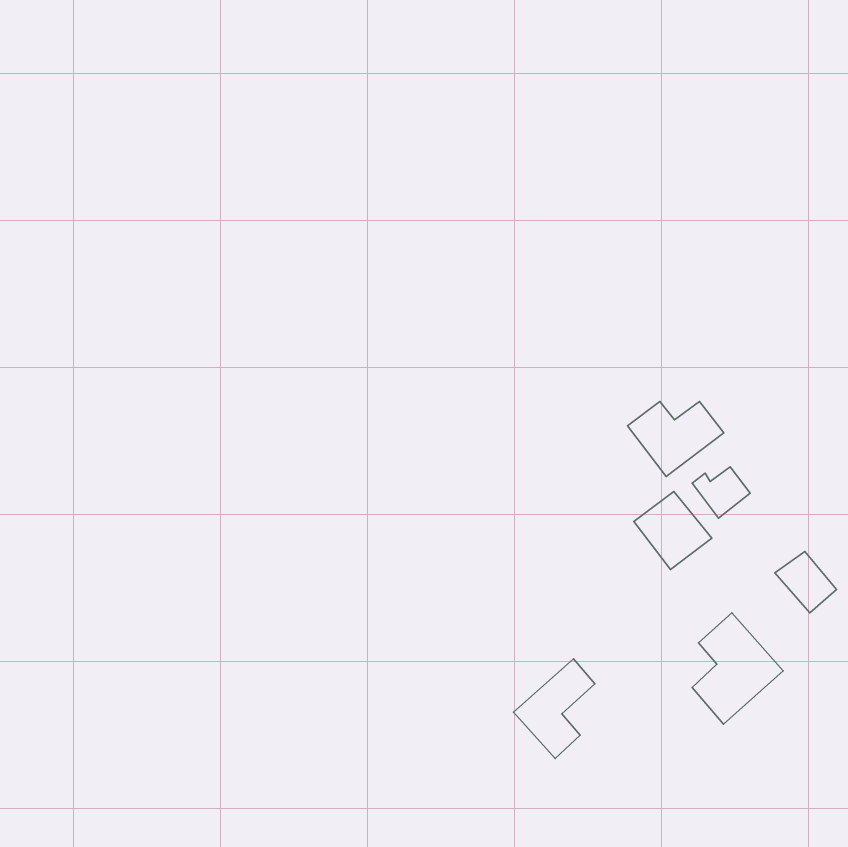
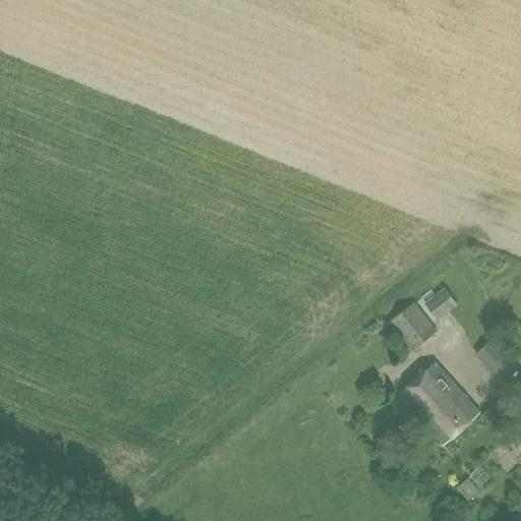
building: [628,401,724,477] -> none
building: [514,659,595,759] -> [399,360,449,421]

